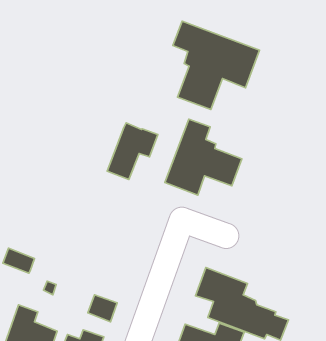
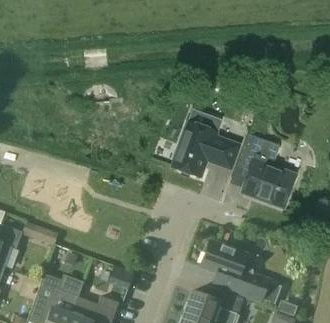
building: [173,21,260,110] -> none
building: [107,123,158,180] -> none
building: none -> [231,133,297,207]

